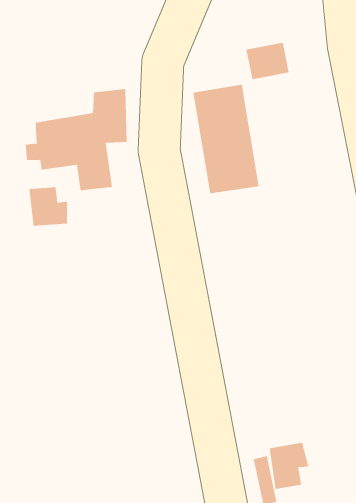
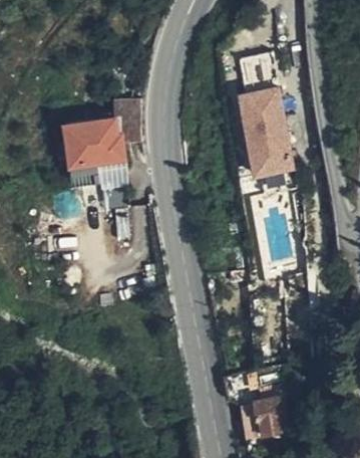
building: [192,84,259,194] -> [241,90,296,181]
building: [29,186,68,227] -> none

